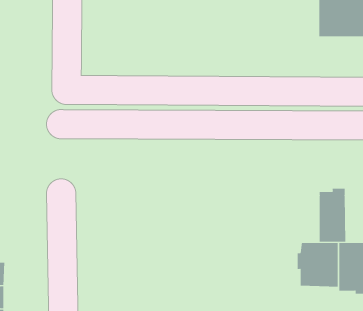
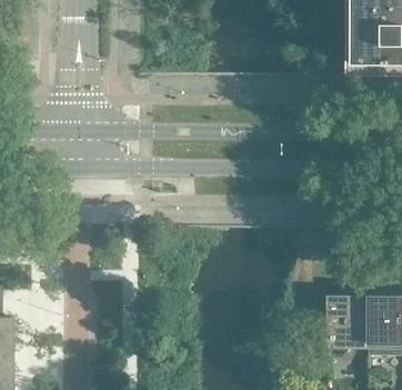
building: [319,188,346,242] -> none

